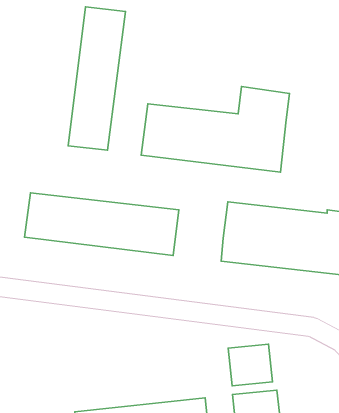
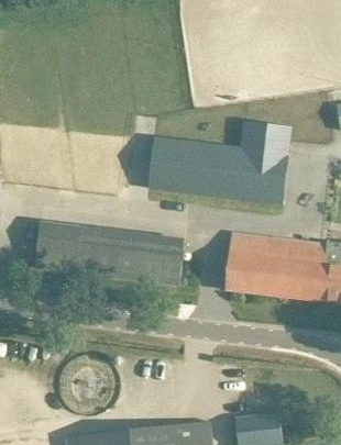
building: [68,7,125,150] -> none
building: [228,344,272,386] -> none

